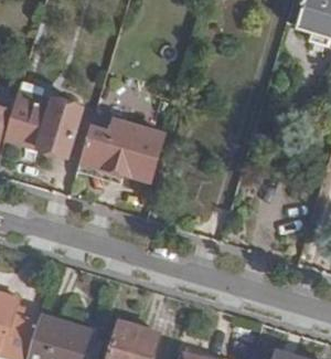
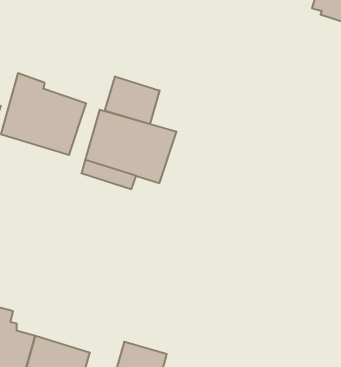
building: none -> [105,76,160,124]

